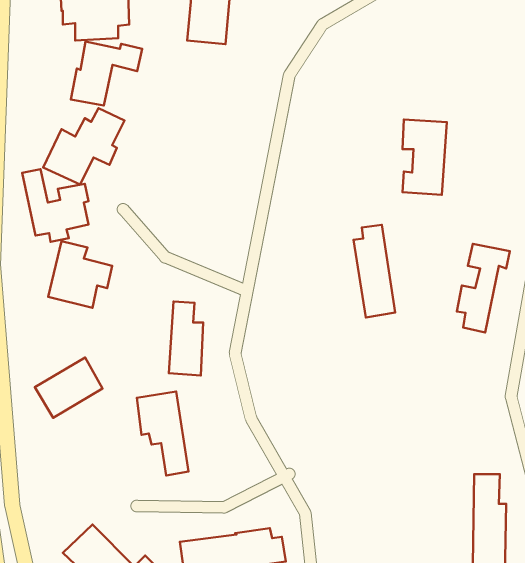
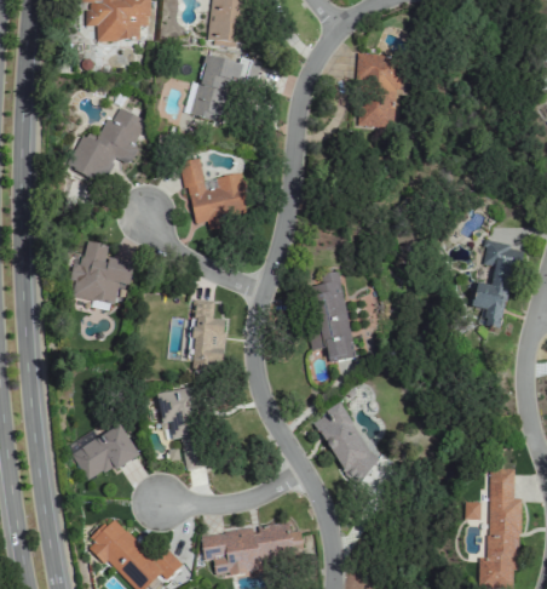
building: [71,41,142,106] -> [190,56,260,119]
building: [402,120,447,195] -> [356,53,399,127]
building: [22,169,89,242] -> [180,158,246,229]
building: [353,225,395,317] -> [312,270,353,361]
building: [35,358,103,418] -> [70,423,137,482]
building: none -> [316,404,376,482]

